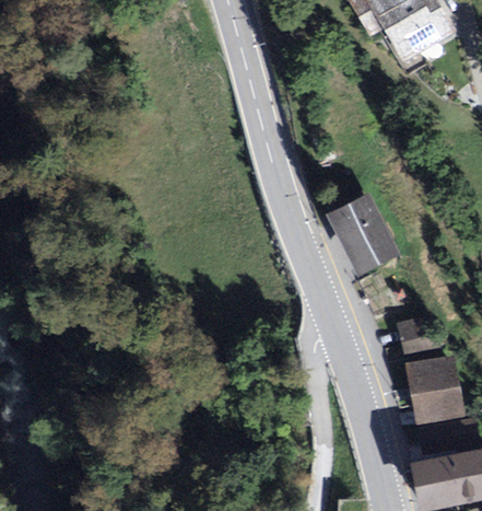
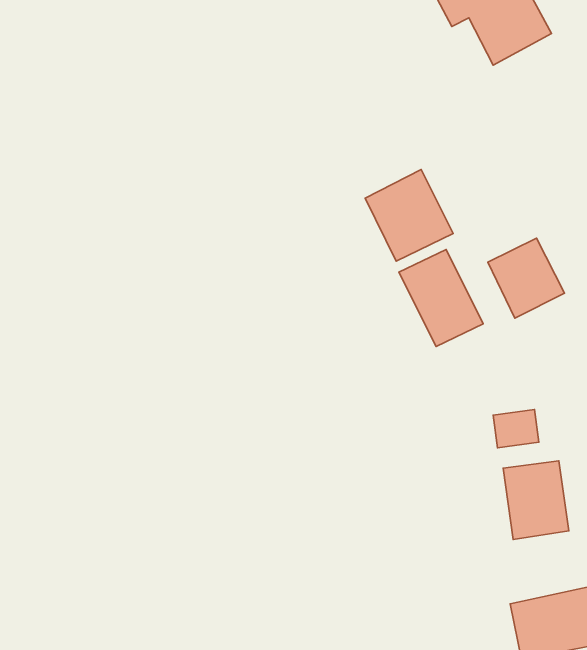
building: none -> [365,169,453,261]
building: none -> [488,238,565,318]

